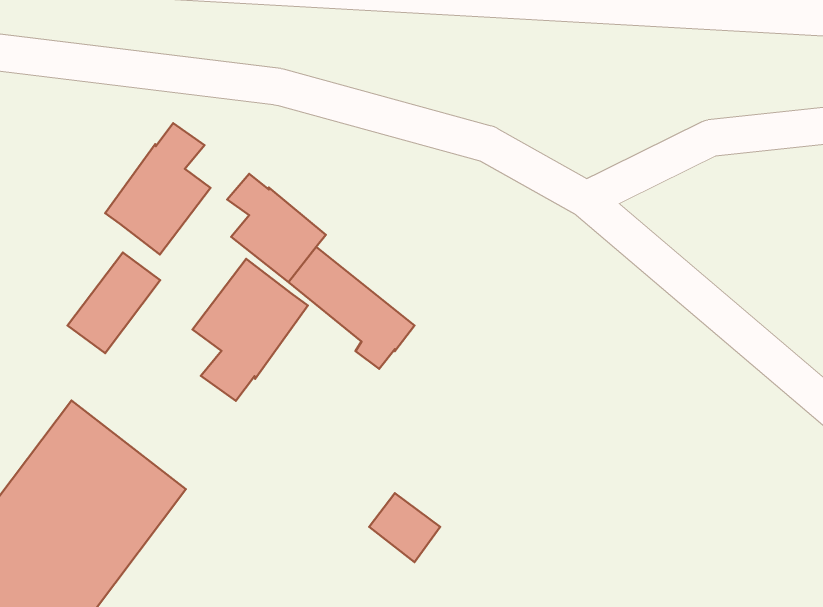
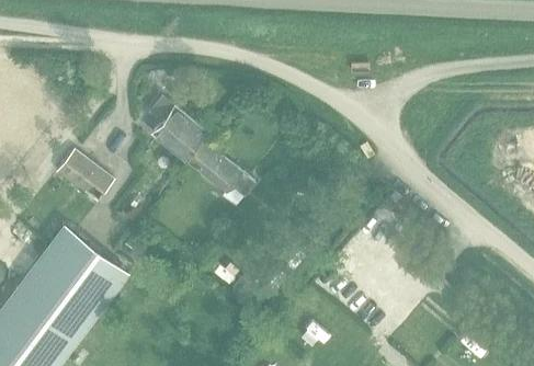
building: [105,123,210,255] -> none
building: [193,259,308,401] -> none

